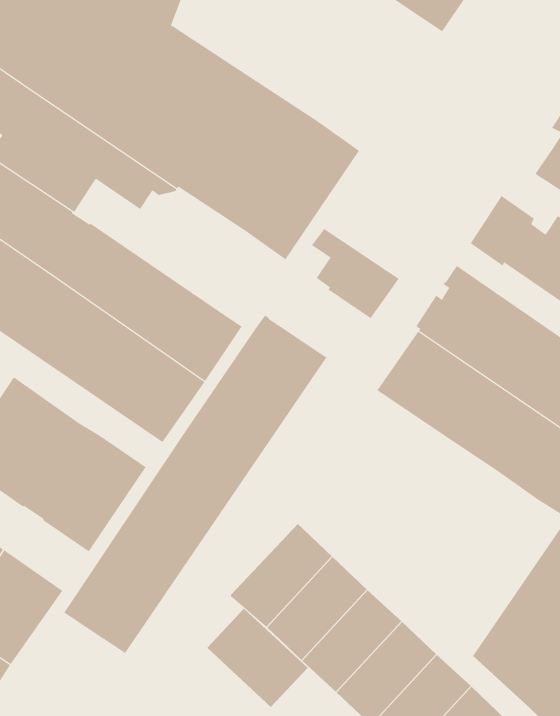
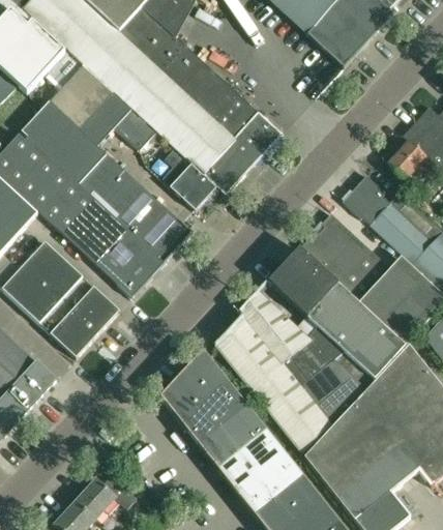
building: [311,228,399,319] -> [165,148,216,209]
building: [63,314,327,654] -> none
building: none -> [215,290,365,453]
building: [206,608,308,708] -> none

